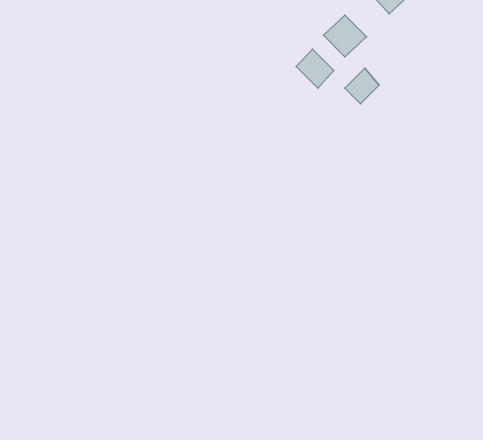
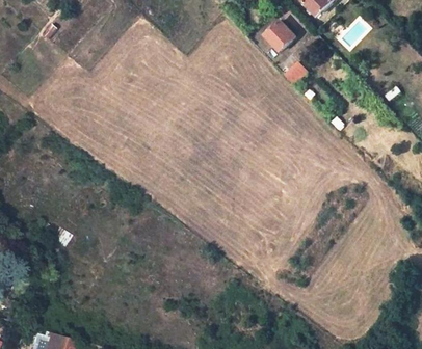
building: [296,49,334,88] -> none

